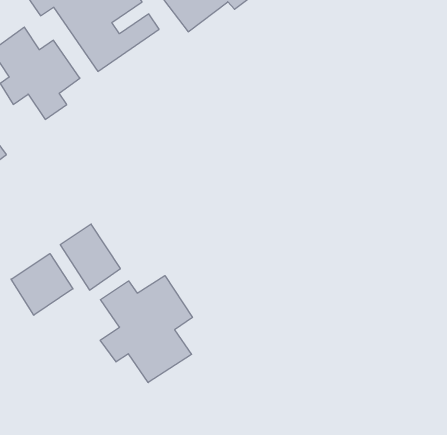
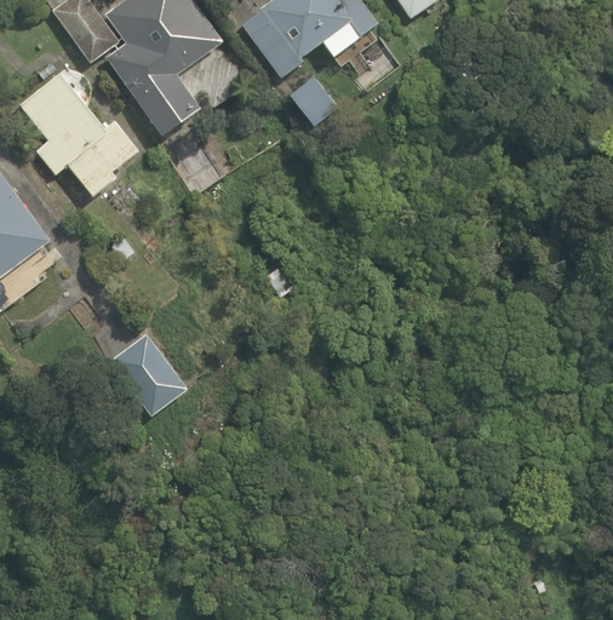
building: [11,254,73,315] -> none
building: [100,276,192,383] -> none

